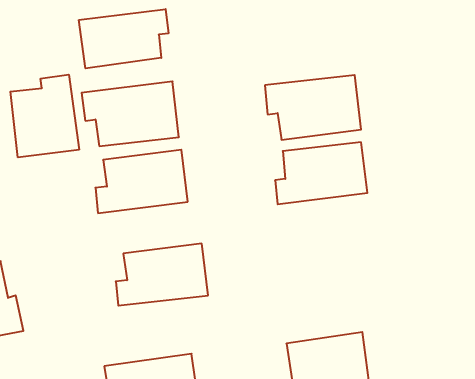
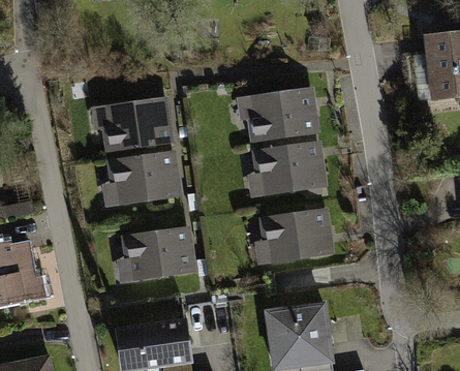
building: [79,9,168,68] -> none
building: [10,75,79,157] -> none
building: none -> [258,212,334,262]

